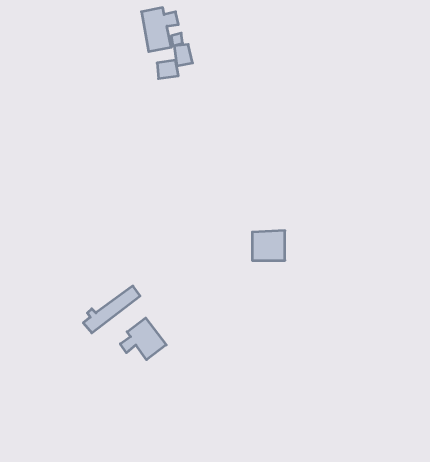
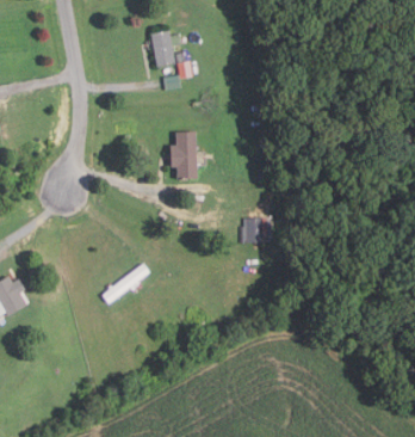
building: none -> [169,131,197,177]
building: [120,318,166,360] -> none

